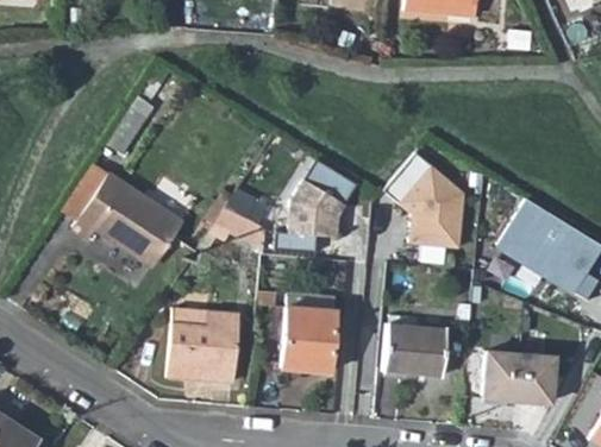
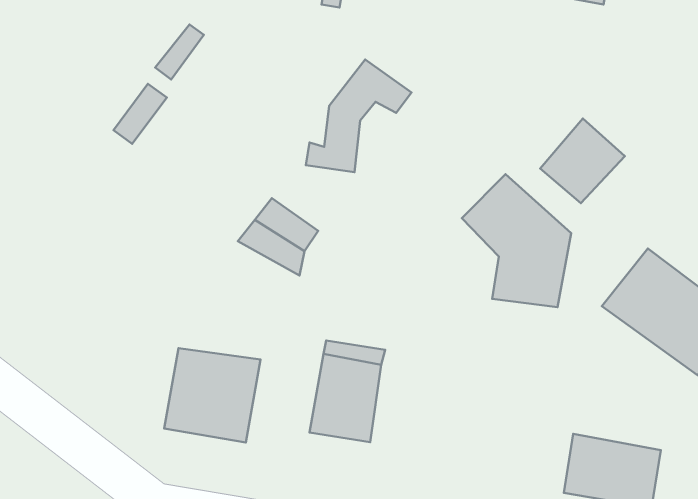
building: none -> [540,119,625,203]
building: [61,164,182,264] -> none
building: [281,165,358,253] -> [306,60,412,172]
building: [382,323,446,376] -> none

